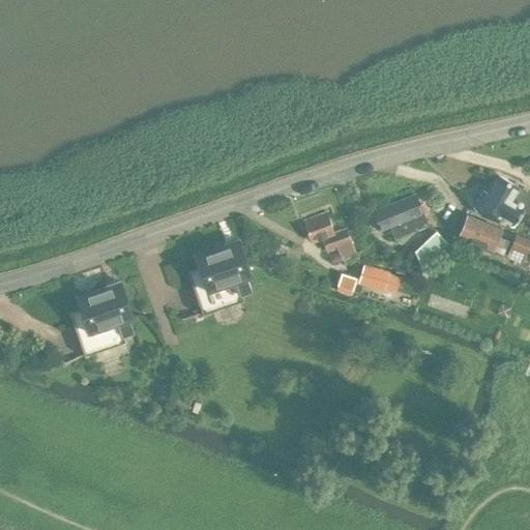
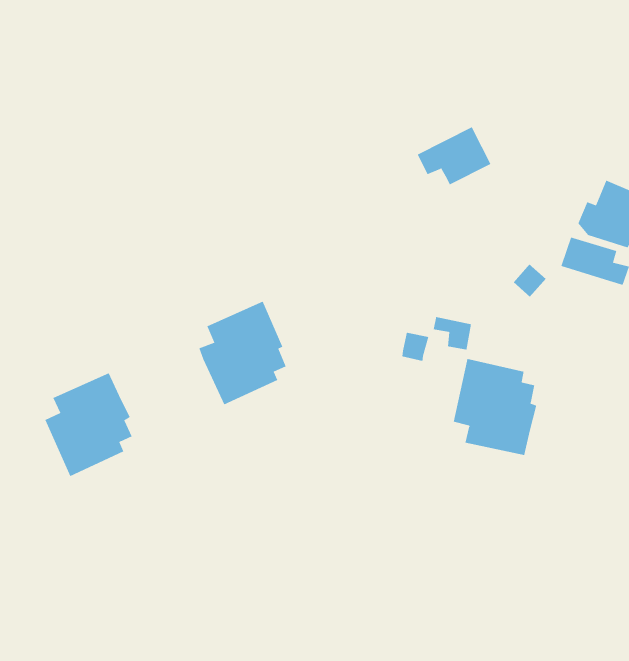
building: [374,196,428,237] -> [417,126,491,185]
building: [303,211,356,259] -> none
building: none -> [453,358,537,456]

